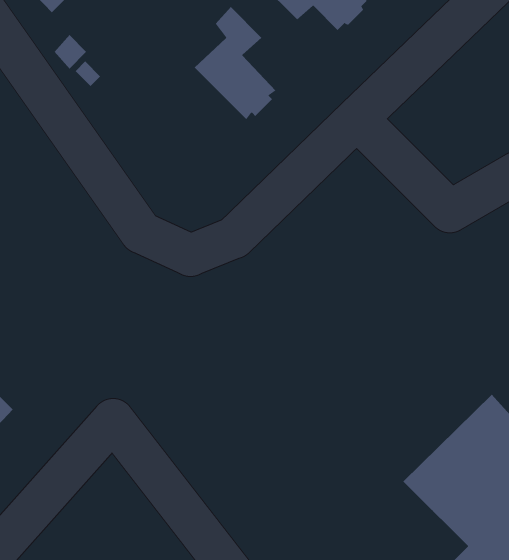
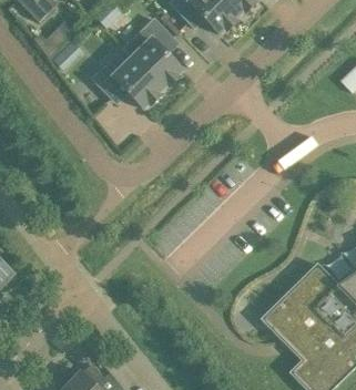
building: none -> [92,57,162,109]

